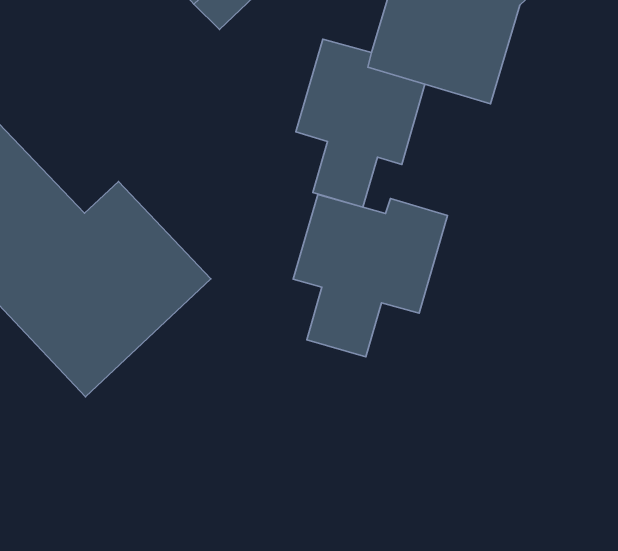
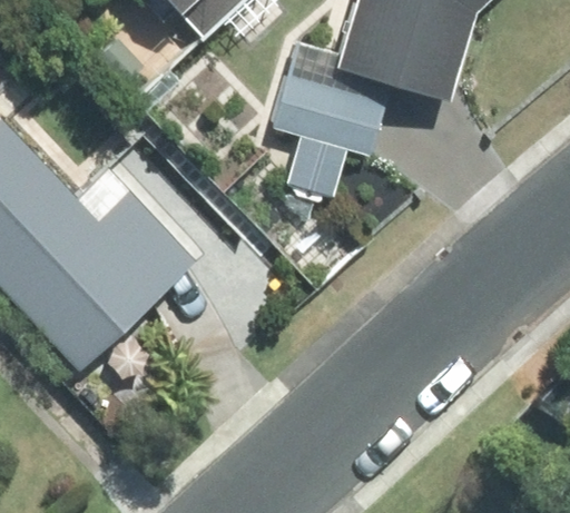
building: [293,194,447,357] -> none

